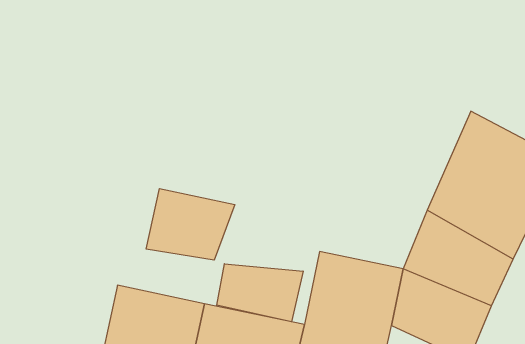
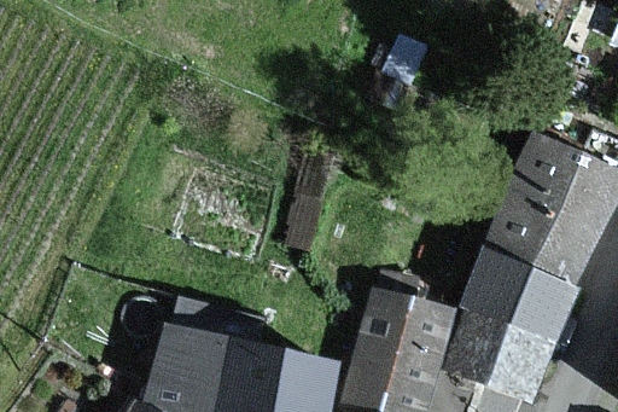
building: [146,189,235,260] -> none
building: [217,264,303,322] -> none

